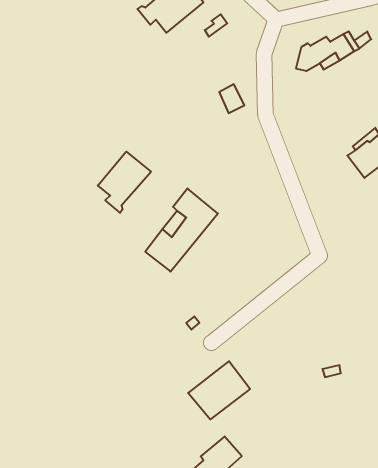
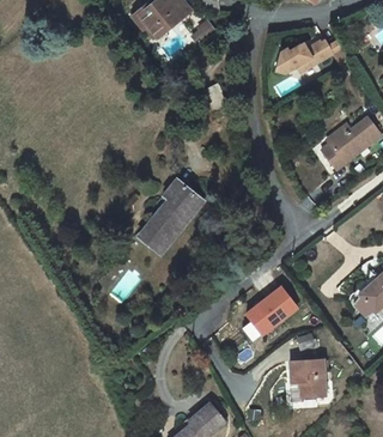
building: [98,152,151,213] -> none
building: [188,361,250,419] -> [239,281,296,334]
building: none -> [288,359,326,401]

